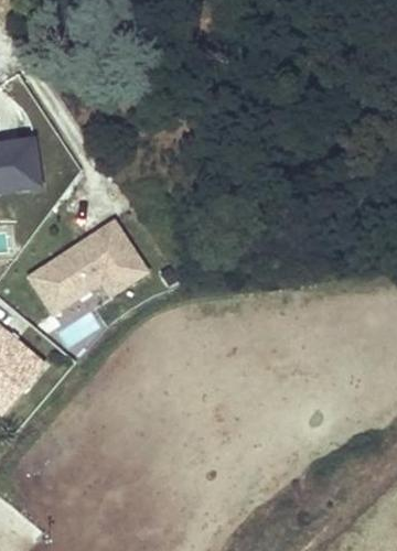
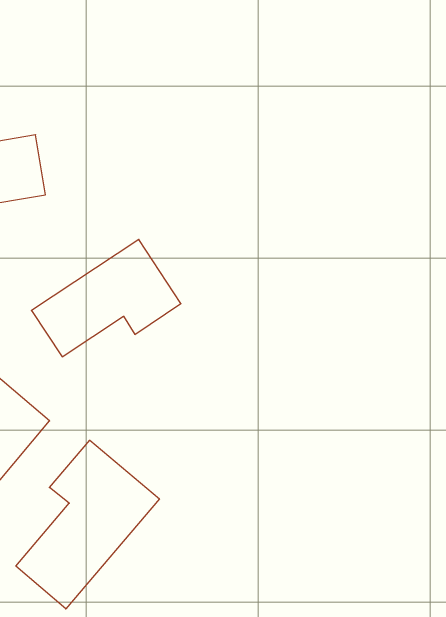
building: none -> [16,440,159,609]

